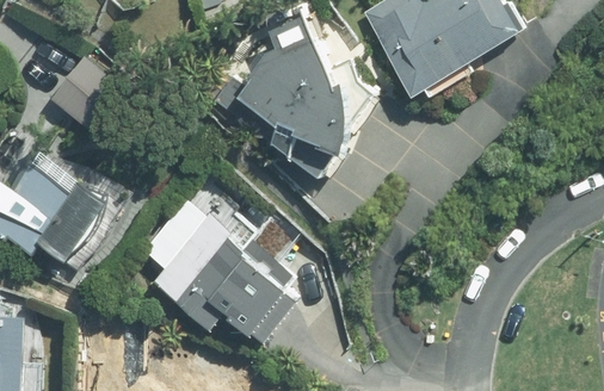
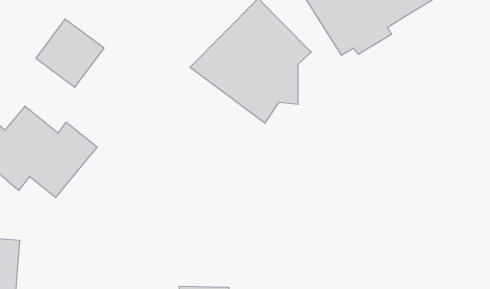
building: [134,168,295,337] -> none

